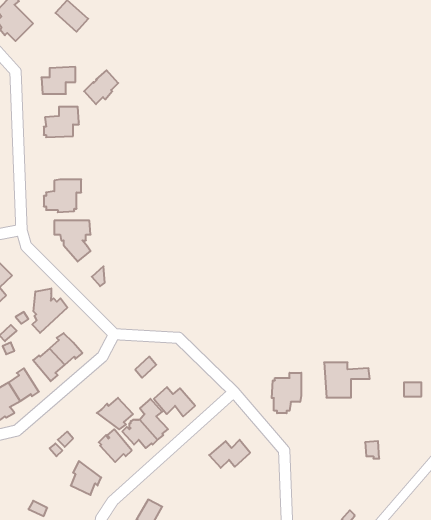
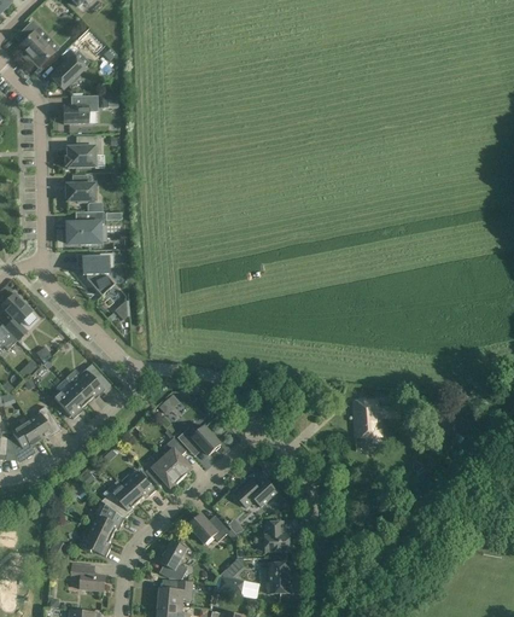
building: [84,70,118,104] -> [51,53,86,88]
building: none -> [65,174,94,202]
building: [32,288,67,333] -> none
building: [272,373,301,413] -> none
building: [97,398,133,429] -> [101,484,139,517]
building: none -> [189,513,229,542]
building: none -> [265,520,291,551]
building: none -> [80,525,113,555]

